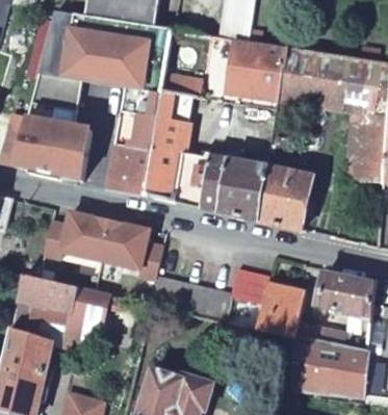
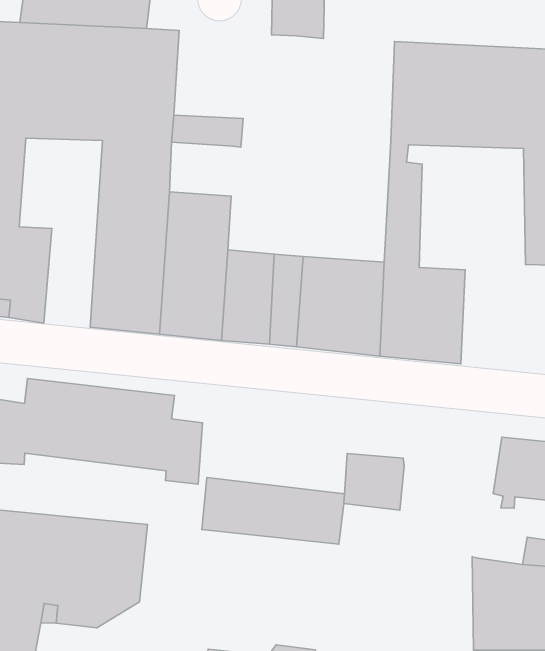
building: [225,40,287,103] -> none
building: [155,89,192,123] -> none
building: [256,281,303,335] -> none

